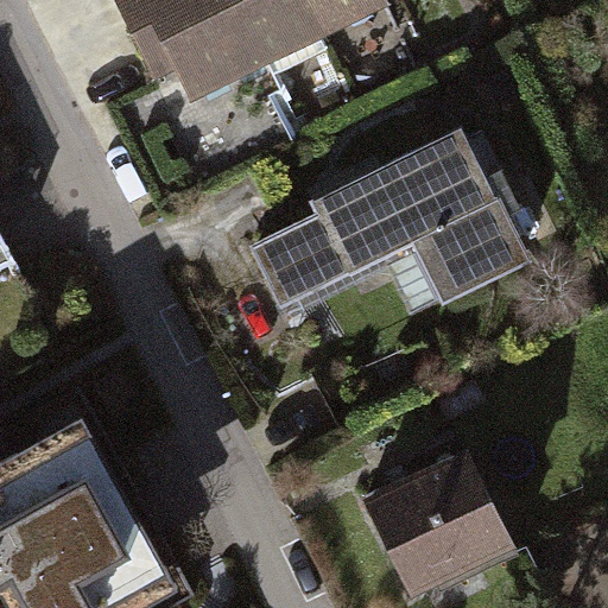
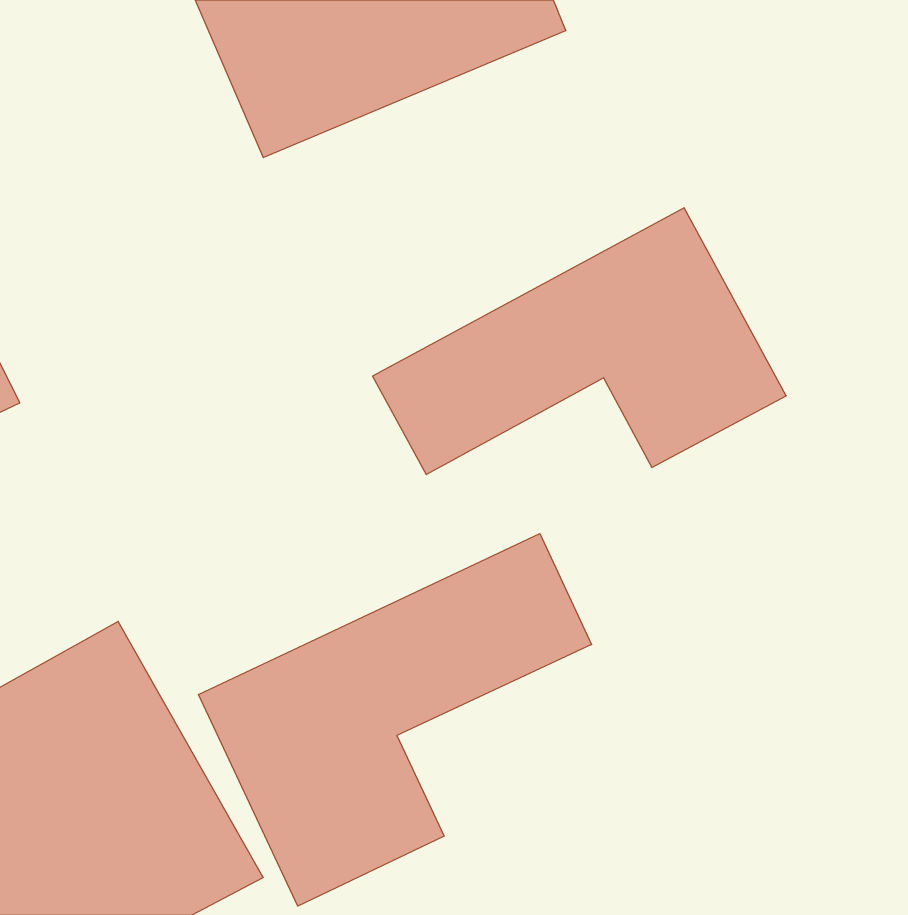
building: none -> [199,534,592,906]
building: [363,451,511,601] -> none

